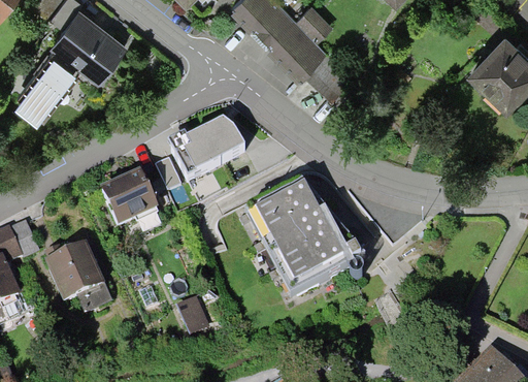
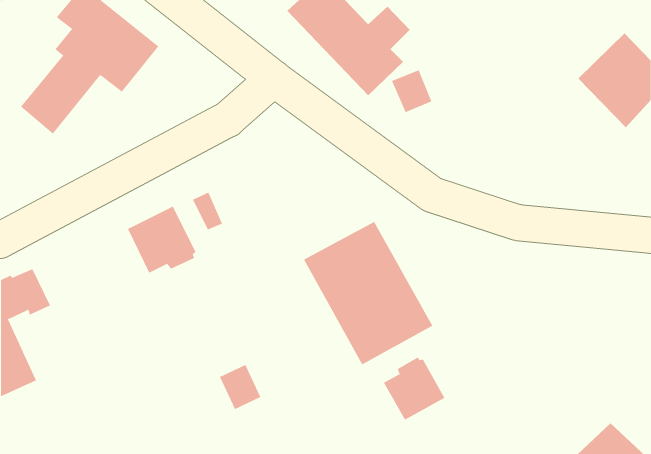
building: [170,123,246,182] -> none
building: [45,245,111,315] -> none
building: none -> [383,357,445,421]

